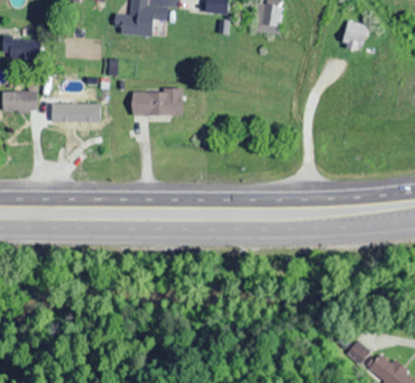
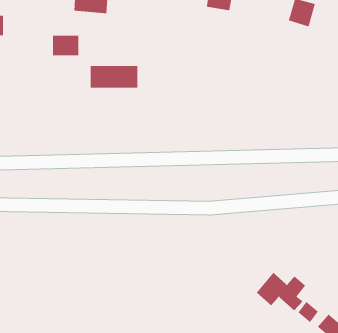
building: [61,104,90,126] -> [52,35,79,56]
building: none -> [256,272,306,311]

